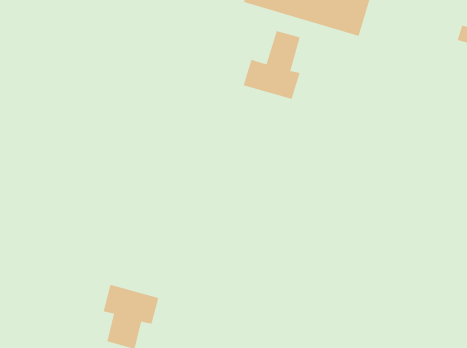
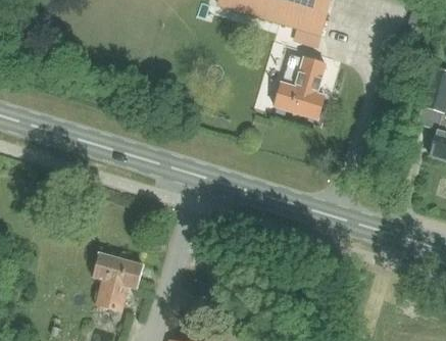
building: [243,30,300,99] -> [274,58,325,119]

